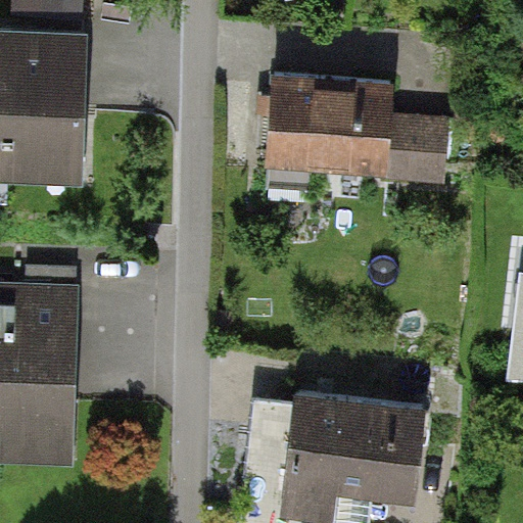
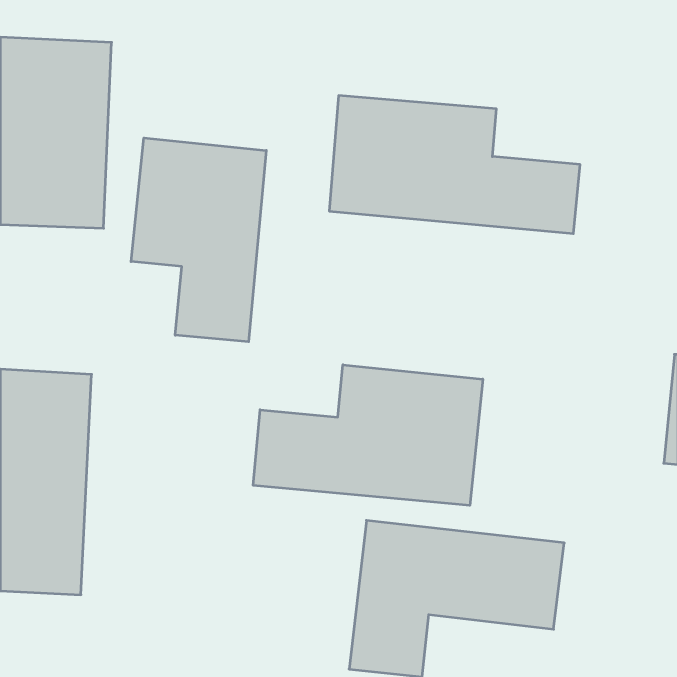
building: none -> [131,138,266,342]
building: none -> [253,365,483,505]

